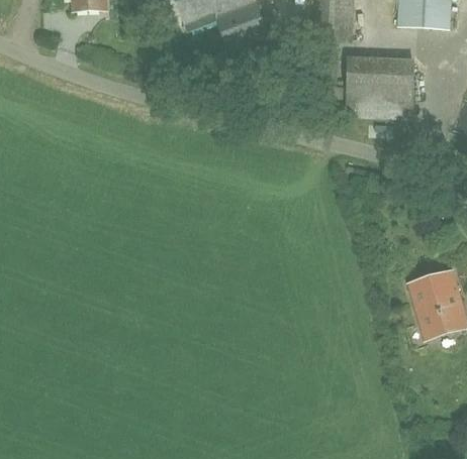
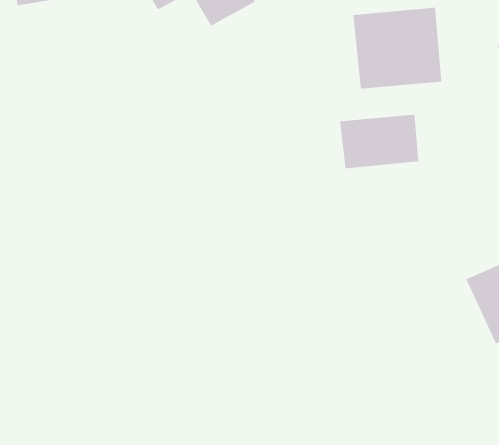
building: none -> [339,114,419,169]

